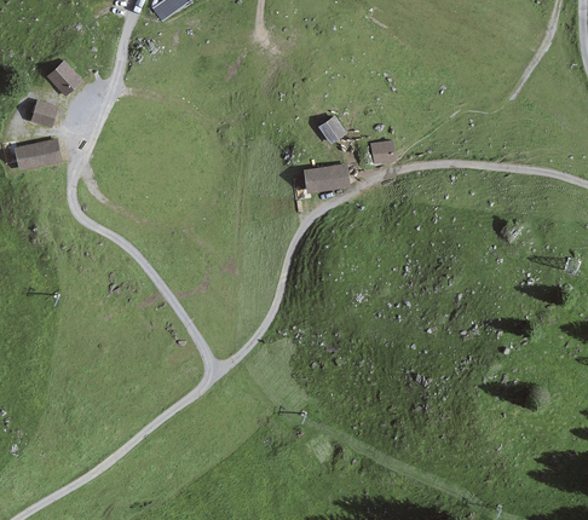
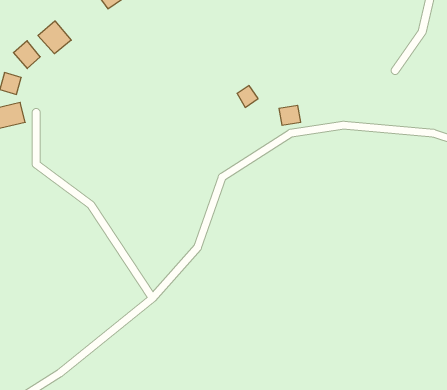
building: none -> [38,21,71,54]
building: [304,166,348,191] -> none

